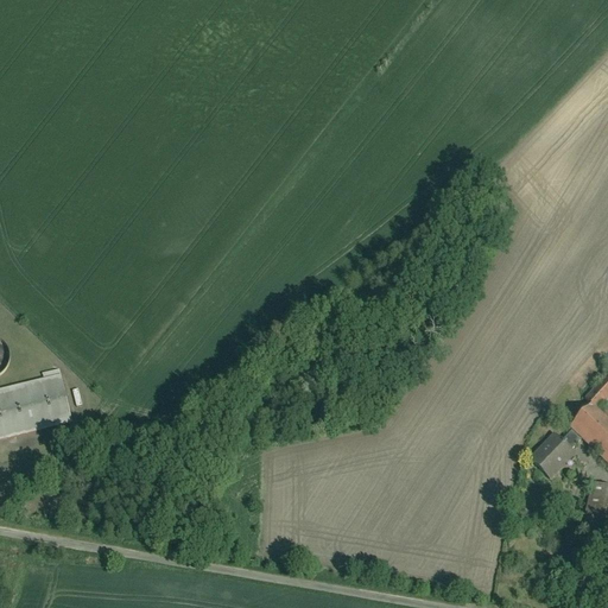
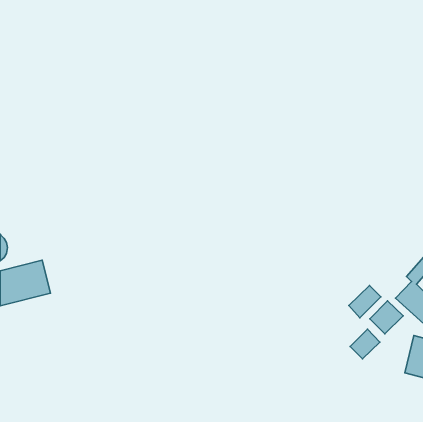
building: none -> [349,285,381,318]
building: none -> [350,329,380,359]

